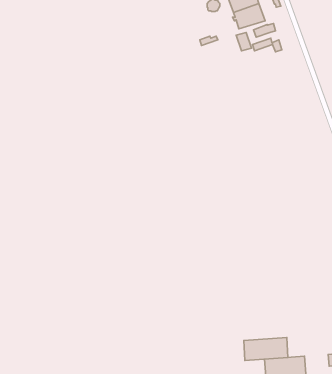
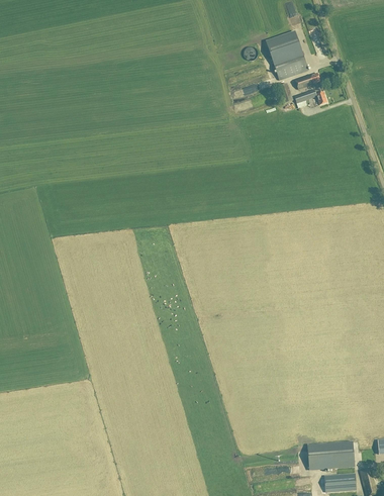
building: [244,338,288,360] -> none

